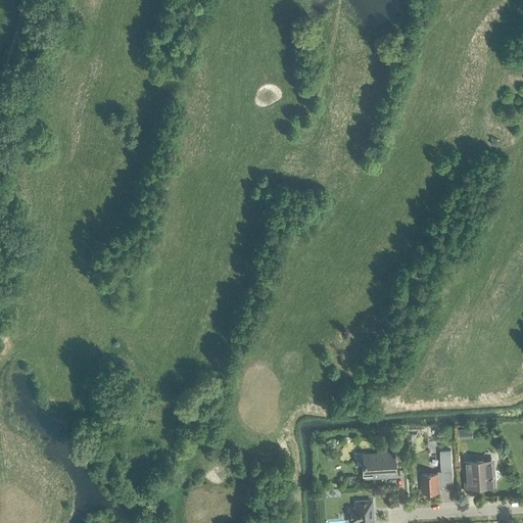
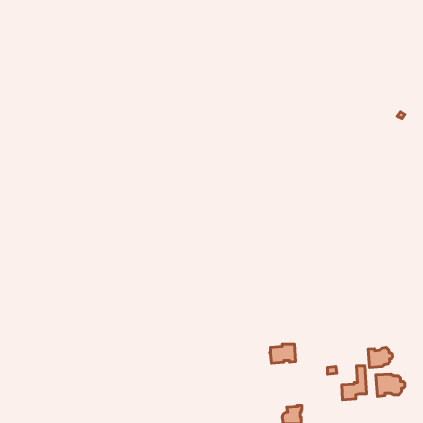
building: none -> [368,348,393,368]
building: [362,455,393,478] -> [270,344,295,363]

